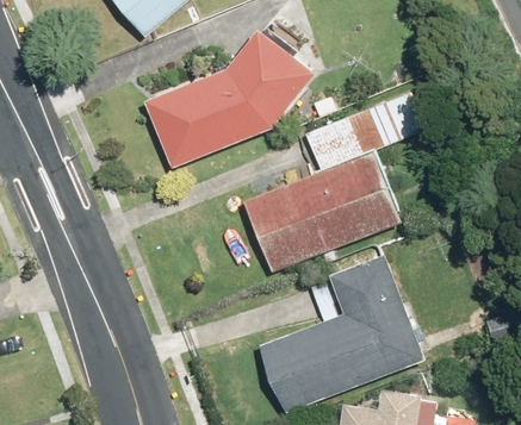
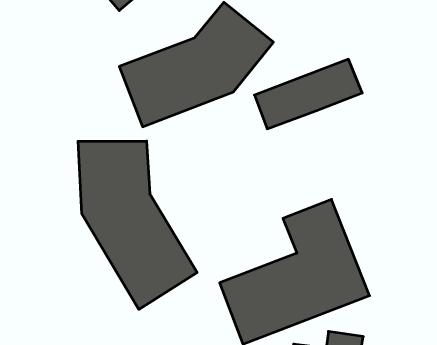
building: [241,150,403,273] -> none
building: none -> [78,141,197,309]

